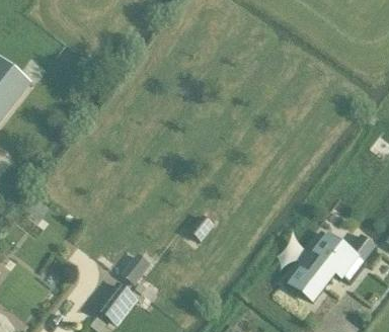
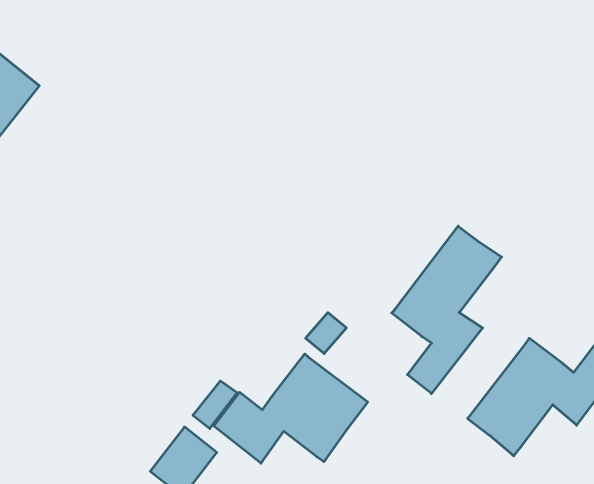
building: none -> [392,226,502,394]
building: none -> [214,354,368,463]

